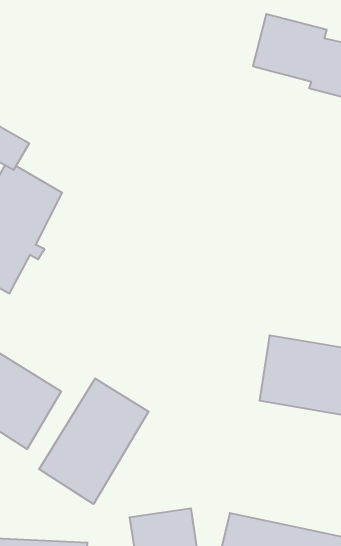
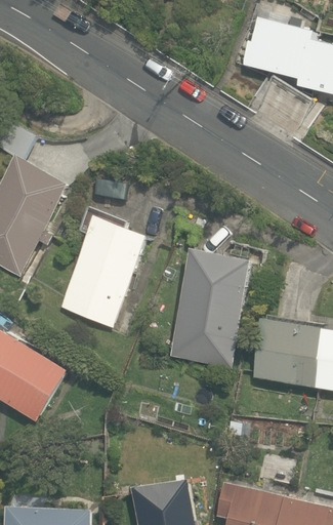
building: none -> [59,214,145,329]
building: none -> [169,247,250,370]
building: [39,378,149,504] -> none

